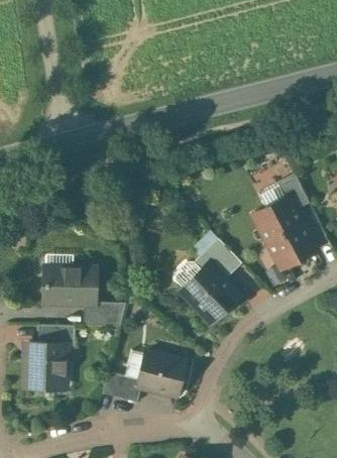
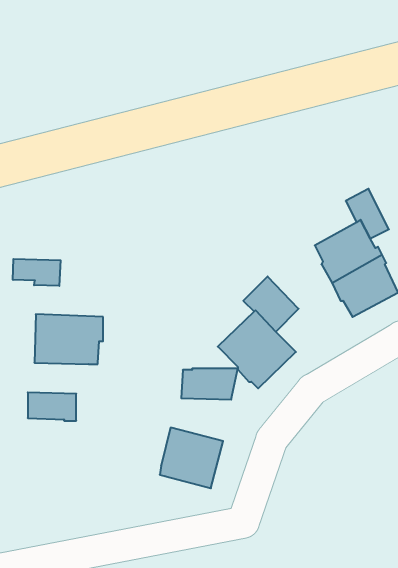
building: none -> [13,259,61,286]
building: [83,303,125,326] -> [181,369,238,400]
building: [24,344,66,388] -> none
building: [103,372,141,403] -> none

